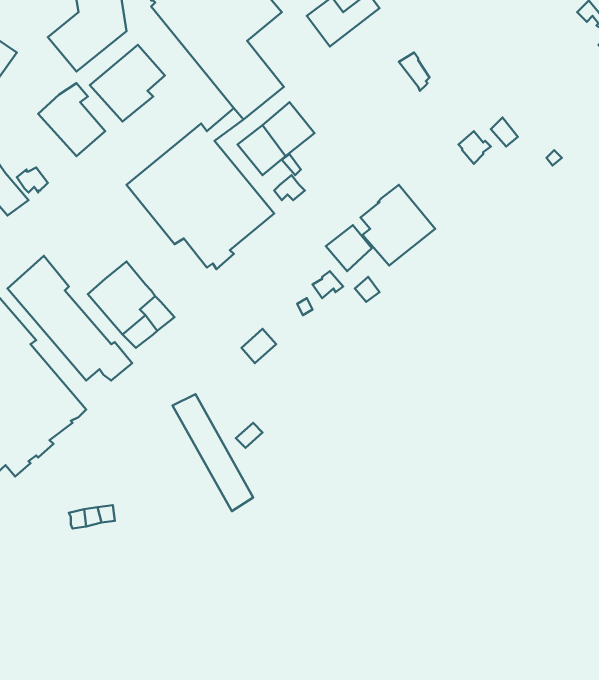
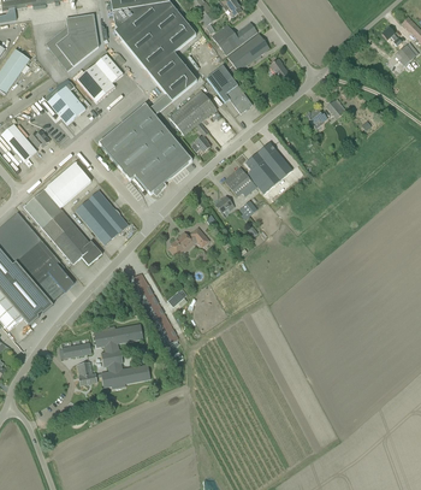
building: none -> [227,33,269,70]
building: none -> [207,64,253,112]
building: none -> [47,161,91,205]
building: none -> [77,323,150,386]

